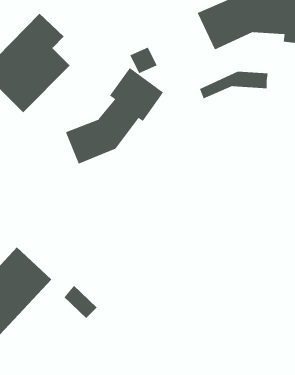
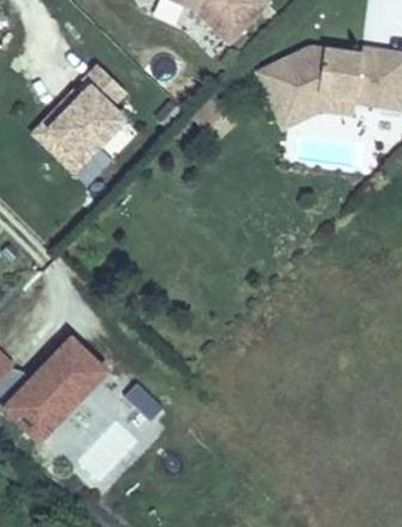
building: [65,67,164,164] -> none
building: [199,71,268,99] -> [289,90,370,123]

